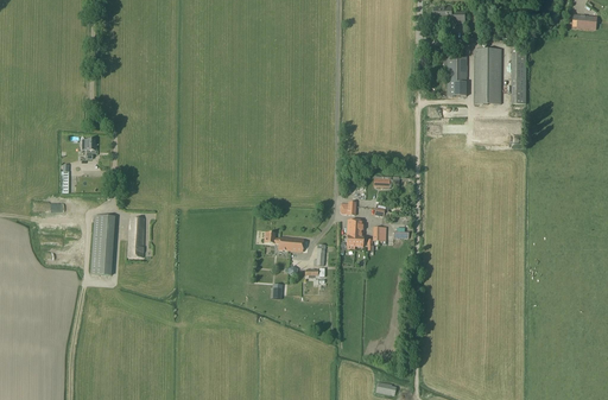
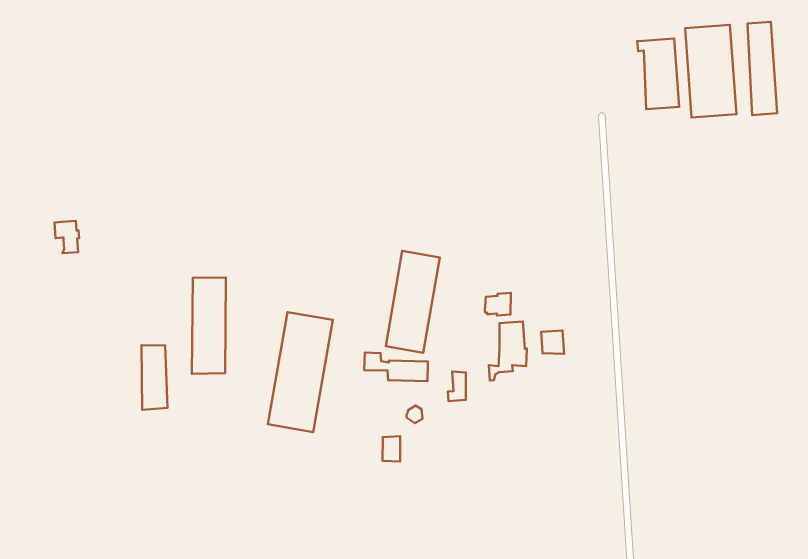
building: none -> [386,251,440,353]
building: none -> [268,312,333,432]
building: [90,215,115,274] -> [192,277,226,374]

